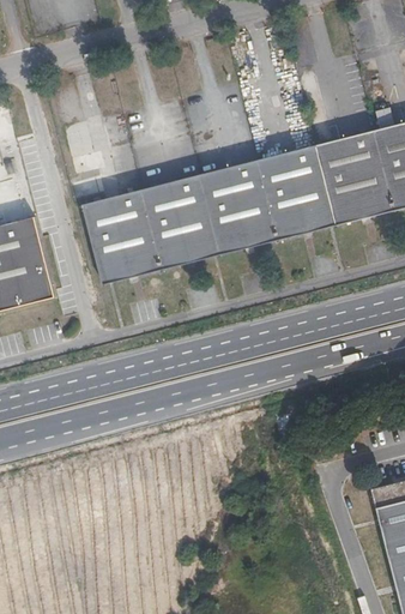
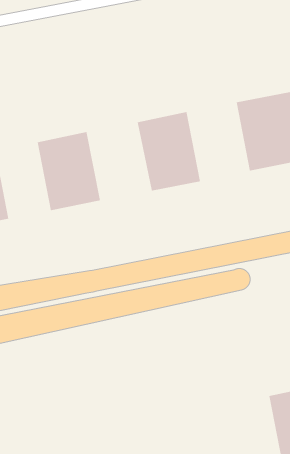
building: [258,144,334,240] -> none
building: [141,174,220,269] -> none

